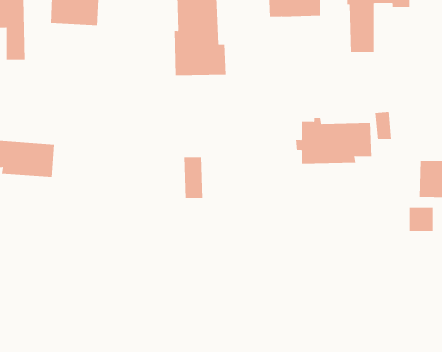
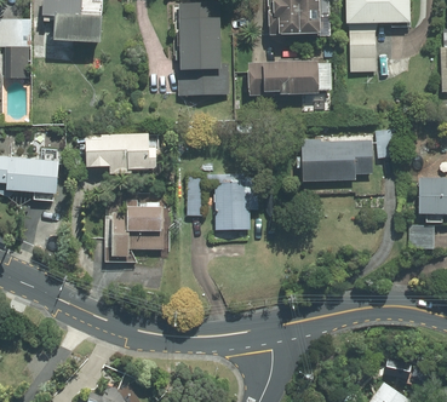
building: none -> [247,58,319,97]
building: none -> [85,134,156,176]
building: none -> [206,174,258,230]
building: none -> [111,200,164,258]

